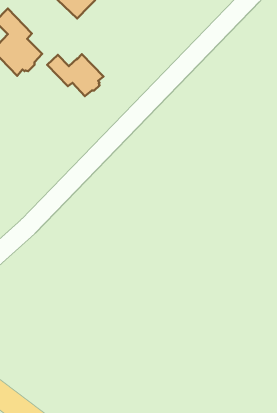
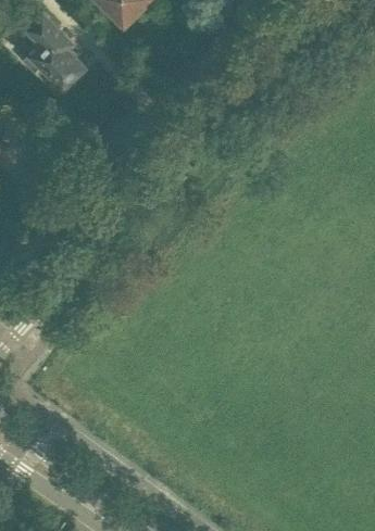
building: [47,54,103,96] -> none

